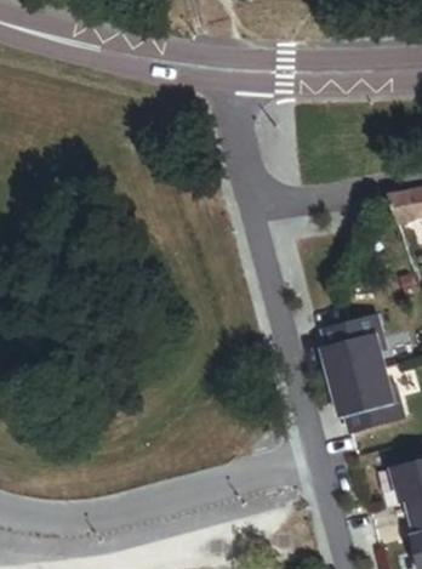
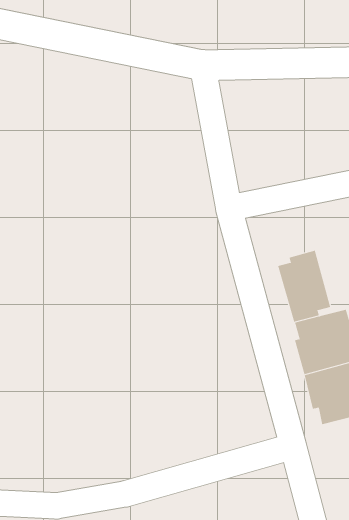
building: none -> [278,250,331,322]

